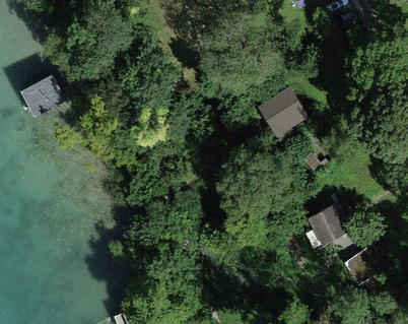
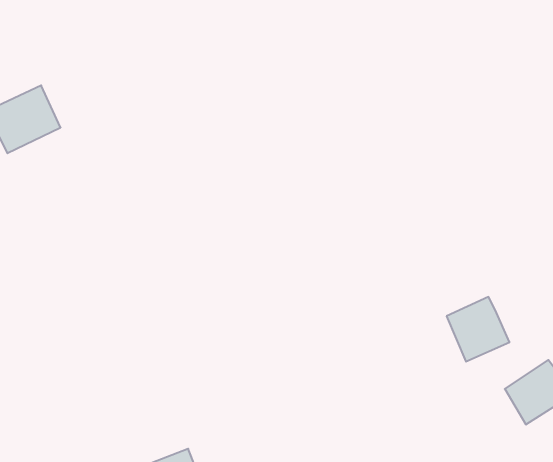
building: [259,88,308,137] -> none

